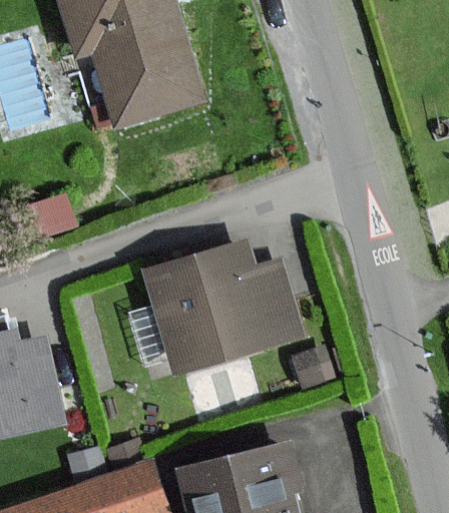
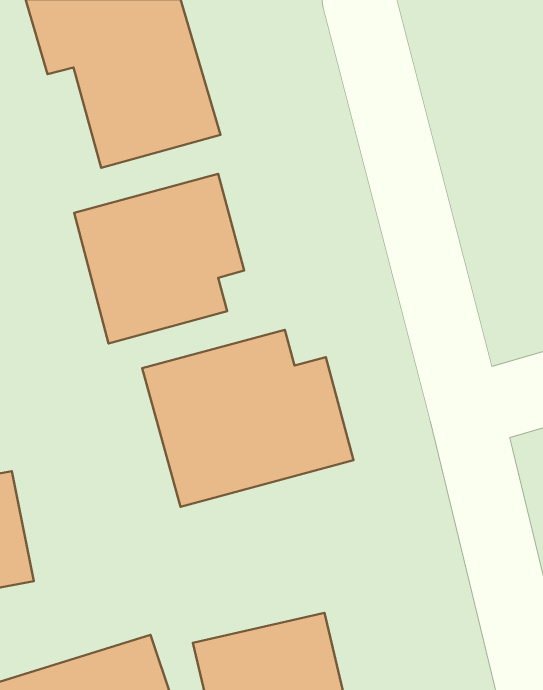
building: none -> [74,174,244,344]

